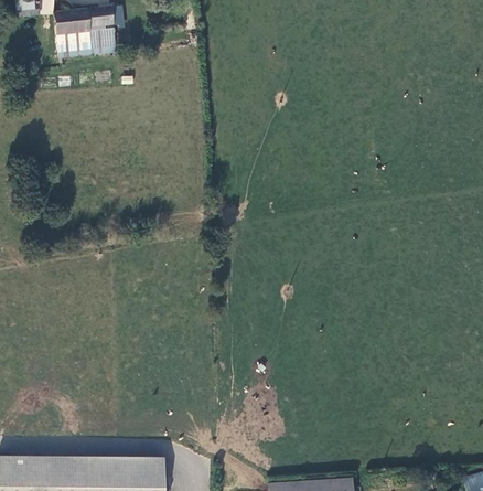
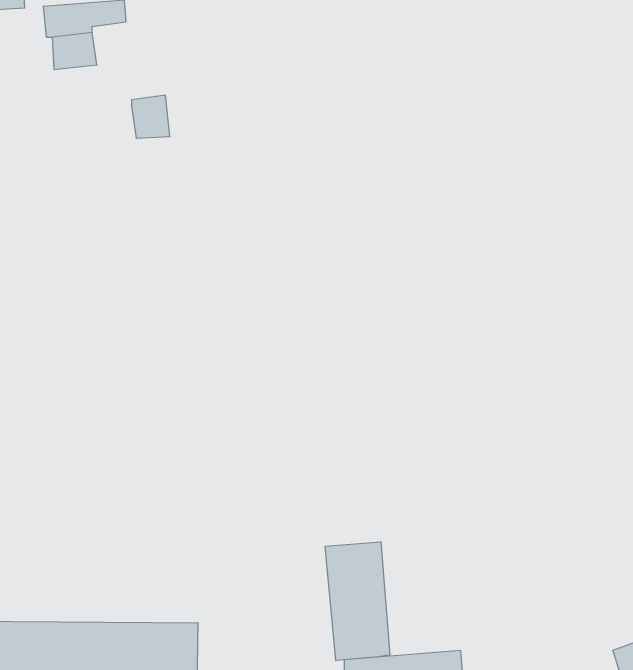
building: [88,23,116,54] -> [132,95,170,138]
building: none -> [325,542,390,661]

